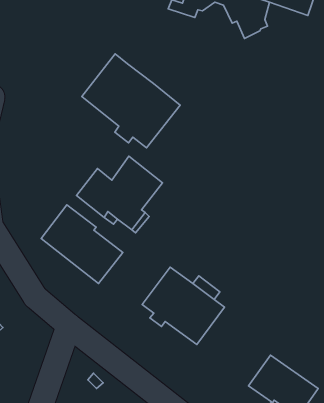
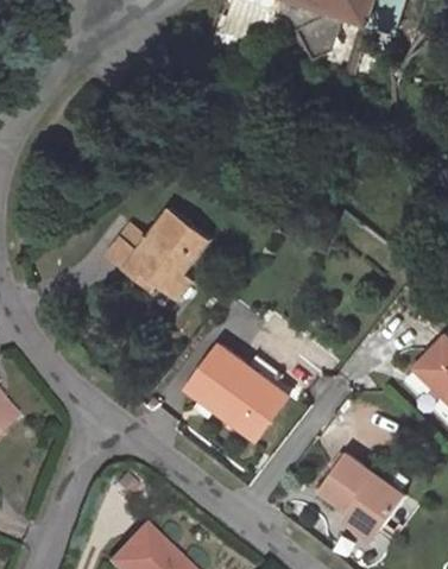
building: [82,54,180,148] -> none
building: [41,205,123,284] -> none

